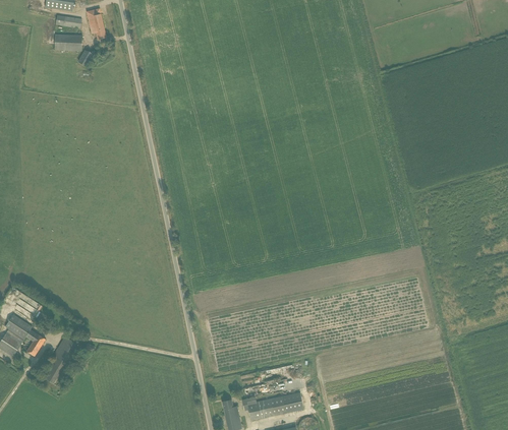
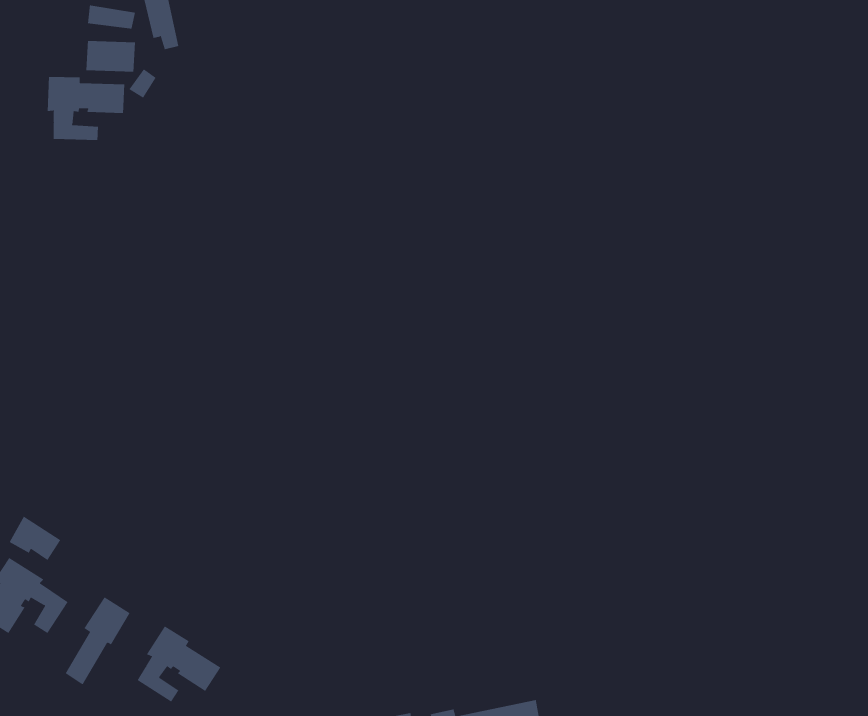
building: none -> [47,76,125,141]
building: none -> [137,625,221,702]

